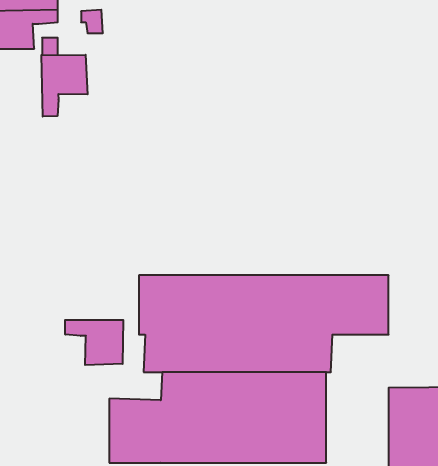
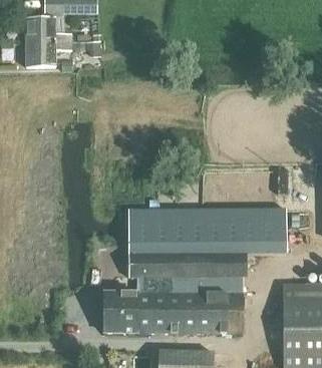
building: [41,55,88,117] -> none
building: [65,320,123,365] -> none

